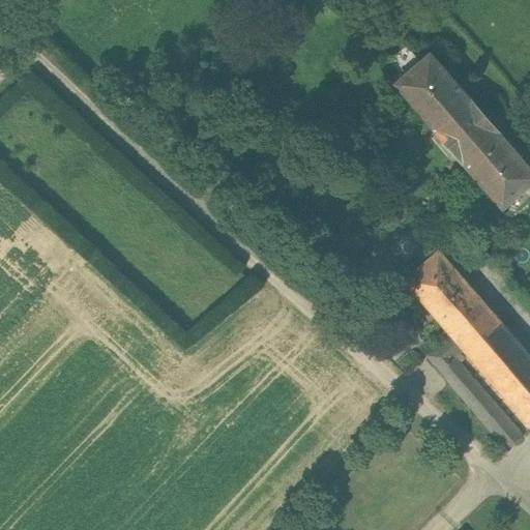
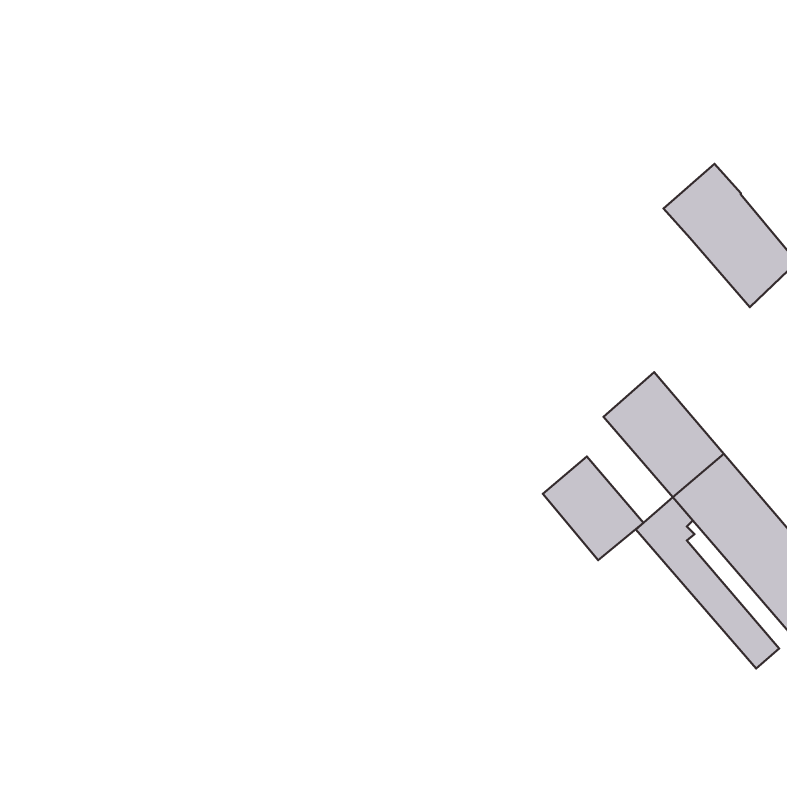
building: [398,55,480,142] -> none
building: none -> [543,456,643,560]

